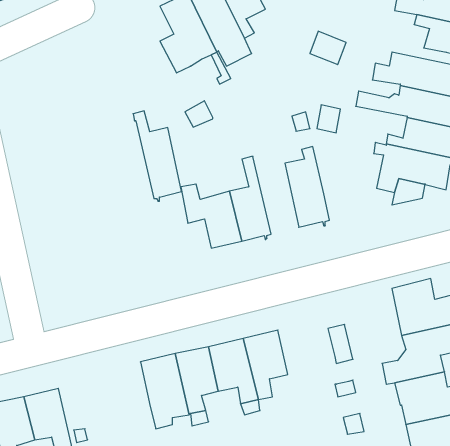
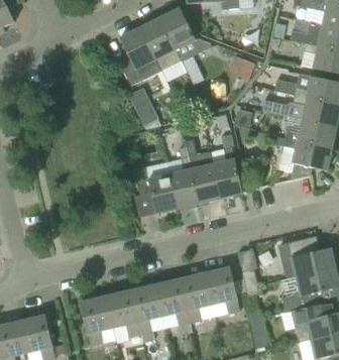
building: [133,111,182,201] -> [185,139,220,205]
building: none -> [205,266,240,314]
building: none -> [80,295,112,345]

